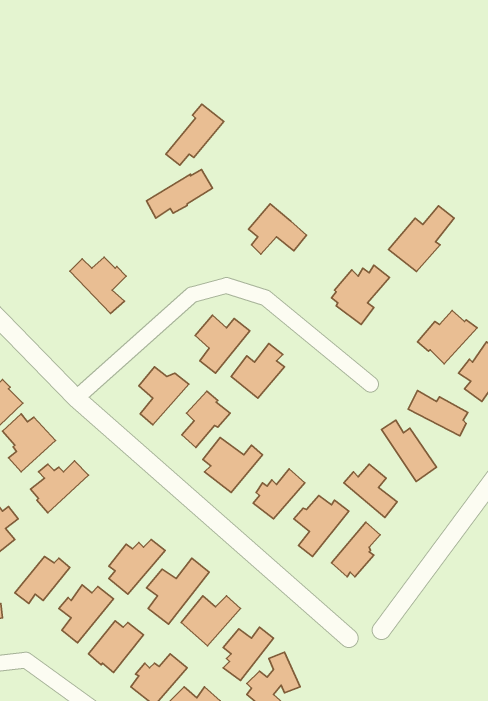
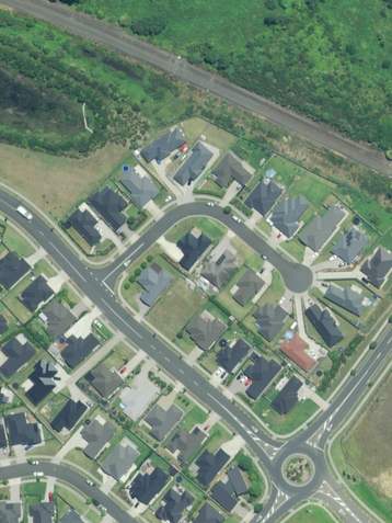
building: [166,104,224,165] -> [174,140,215,183]
building: [388,206,454,272] -> [298,205,344,251]
building: none -> [120,168,160,206]
building: none -> [244,180,284,214]
building: none -> [68,207,102,245]
building: [182,391,230,448] -> [232,265,266,305]
building: none -> [253,302,288,340]
building: none -> [91,361,124,397]

